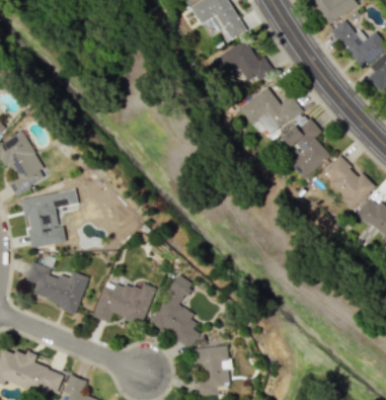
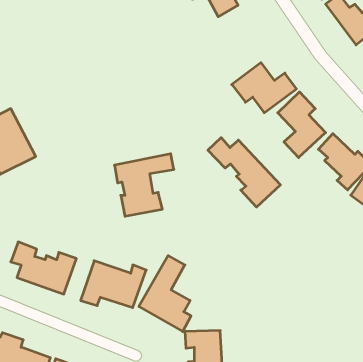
building: [213,39,273,81] -> none
building: none -> [208,138,280,207]
building: [20,187,78,248] -> [114,154,174,216]

